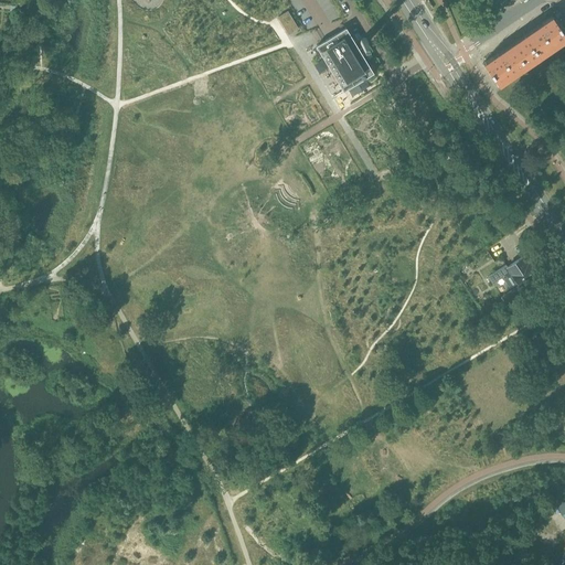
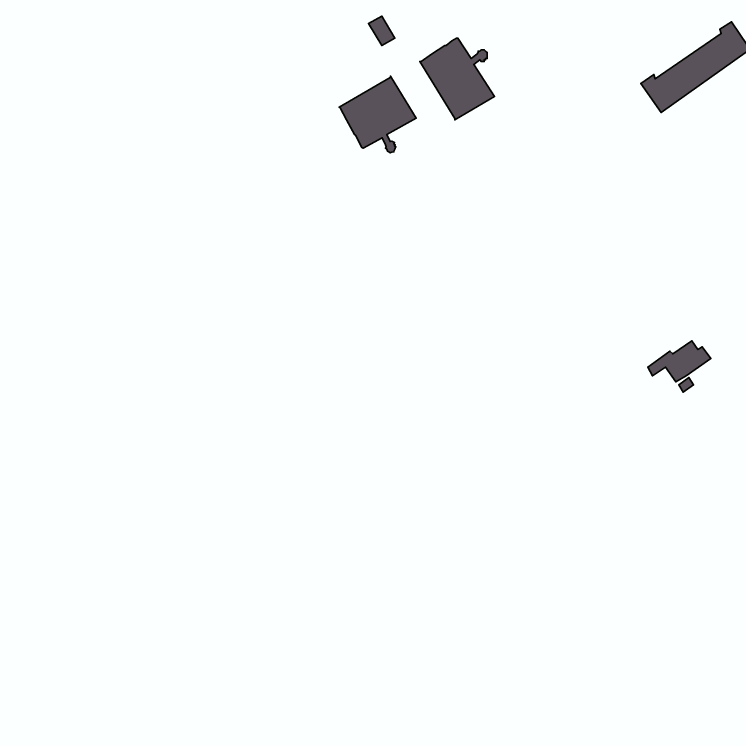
building: none -> [339,76,416,153]

